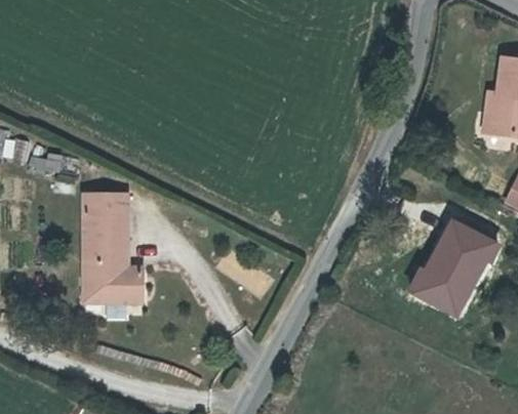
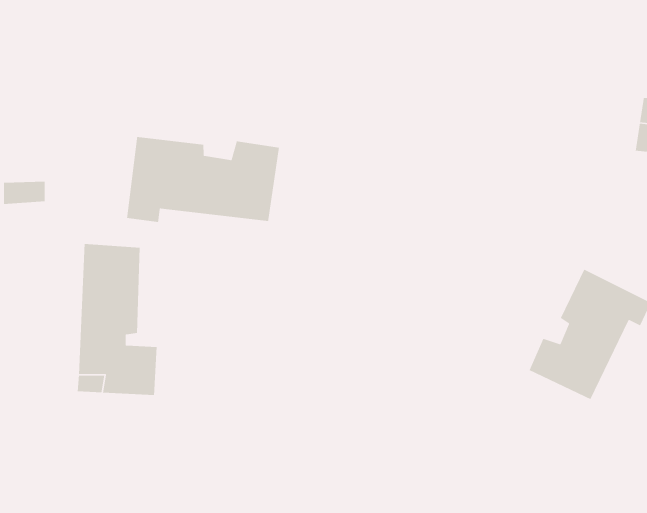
building: none -> [126,136,280,223]

